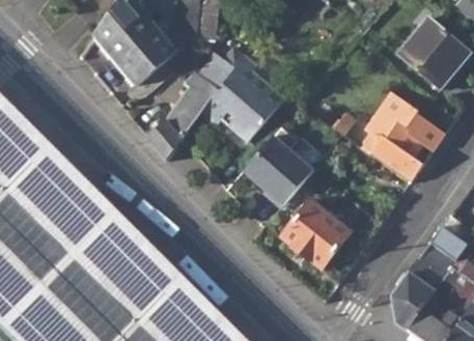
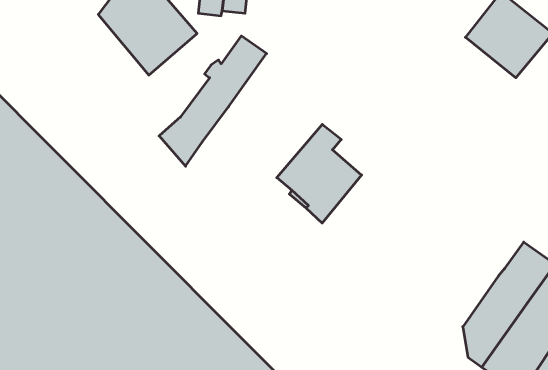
building: [203,58,283,144] -> none
building: [359,91,443,182] -> none
building: [280,203,350,271] -> none

